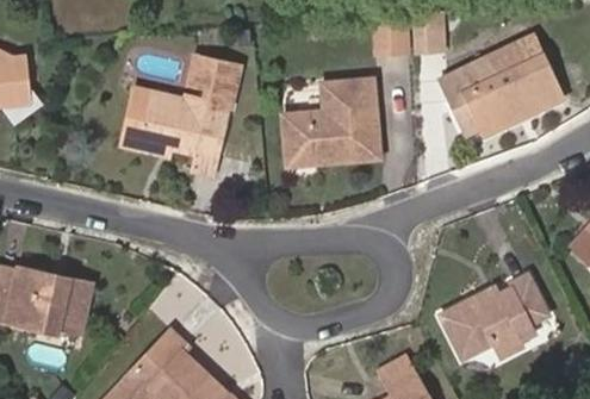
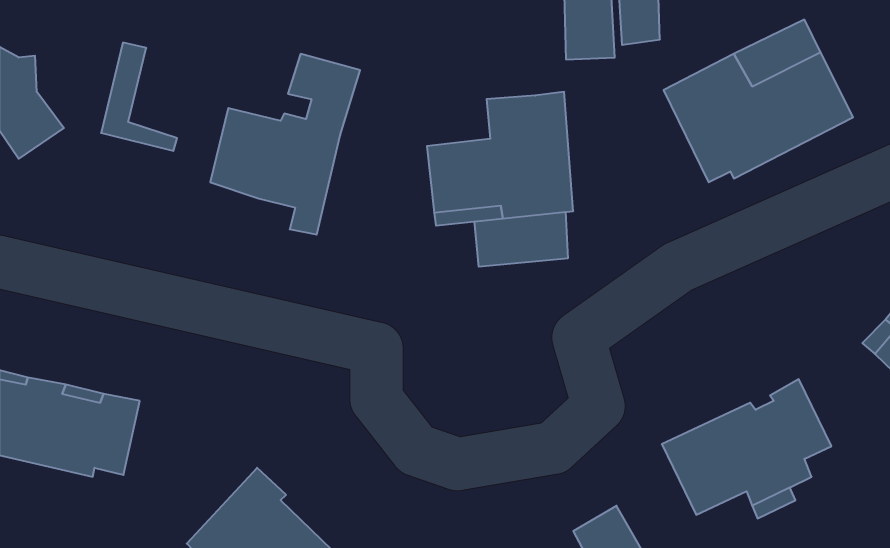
building: [122,88,172,160] -> [101,43,177,151]
building: none -> [475,212,568,267]

